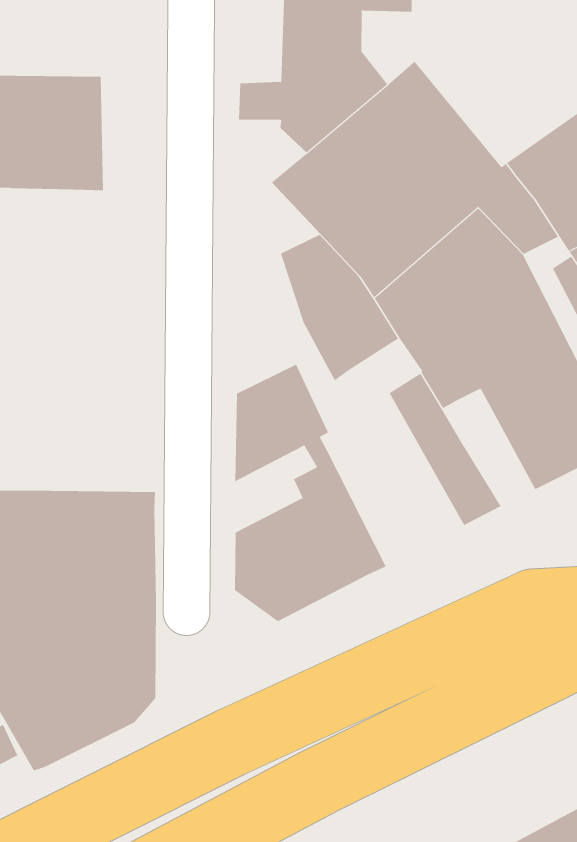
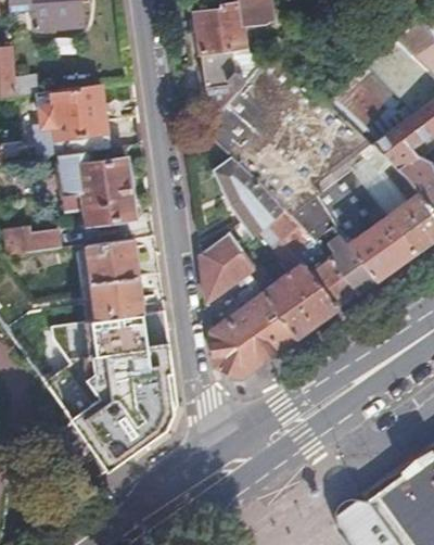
building: none -> [56,150,135,223]
building: none -> [257,206,340,335]
building: none -> [88,238,144,319]
building: none -> [327,228,376,292]

